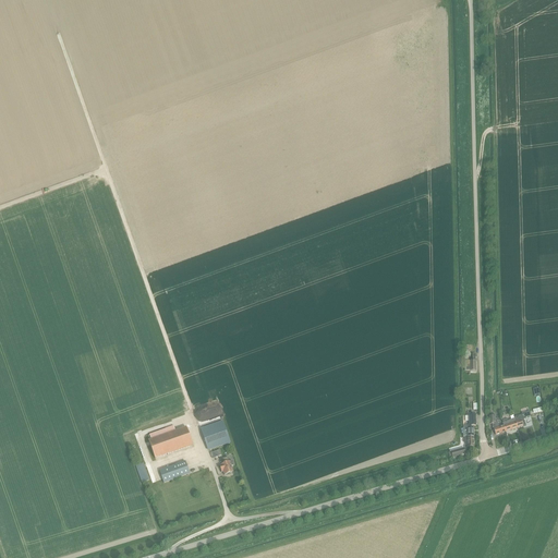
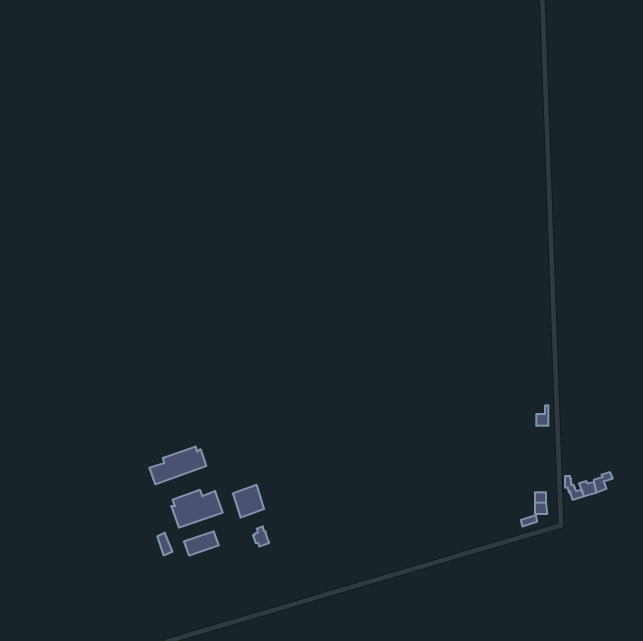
building: none -> [149,446,206,484]

